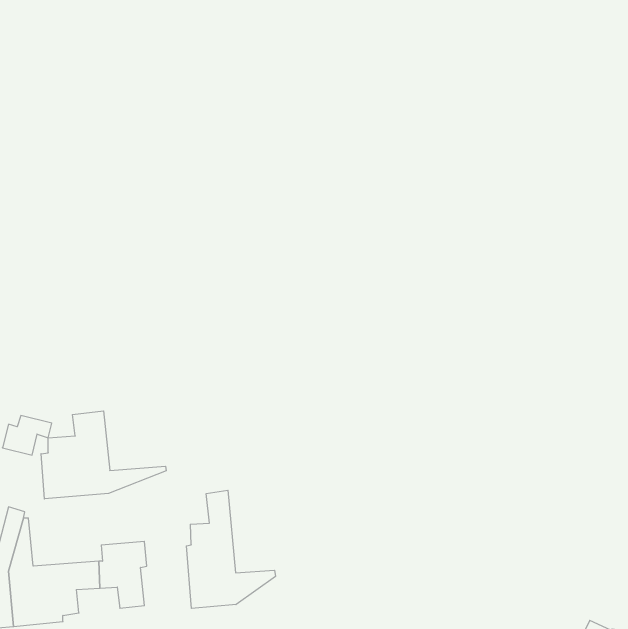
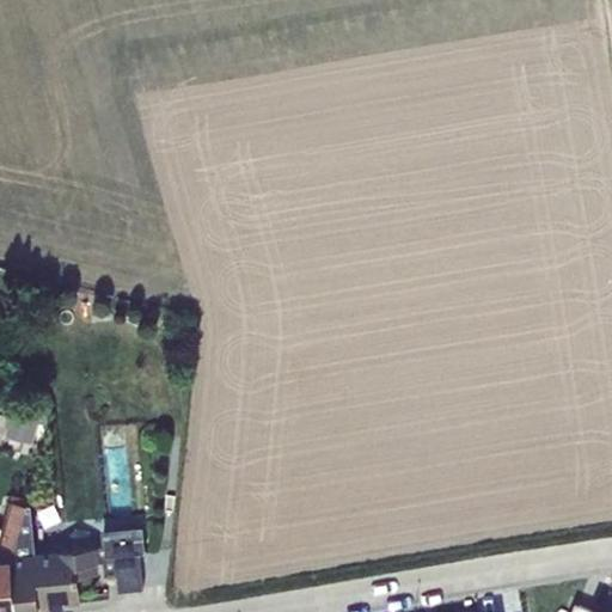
building: [41,411,166,499] -> none
building: [186,490,275,608] -> none

